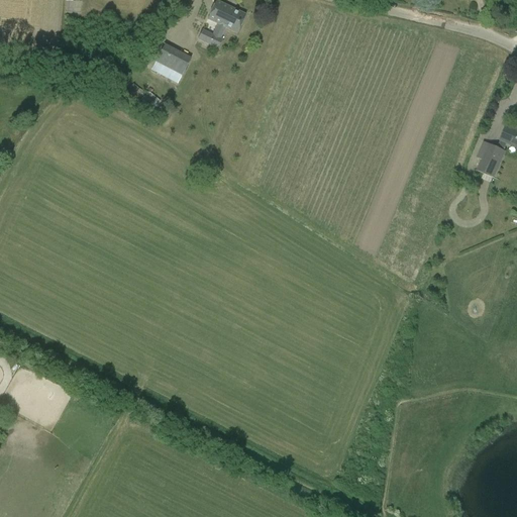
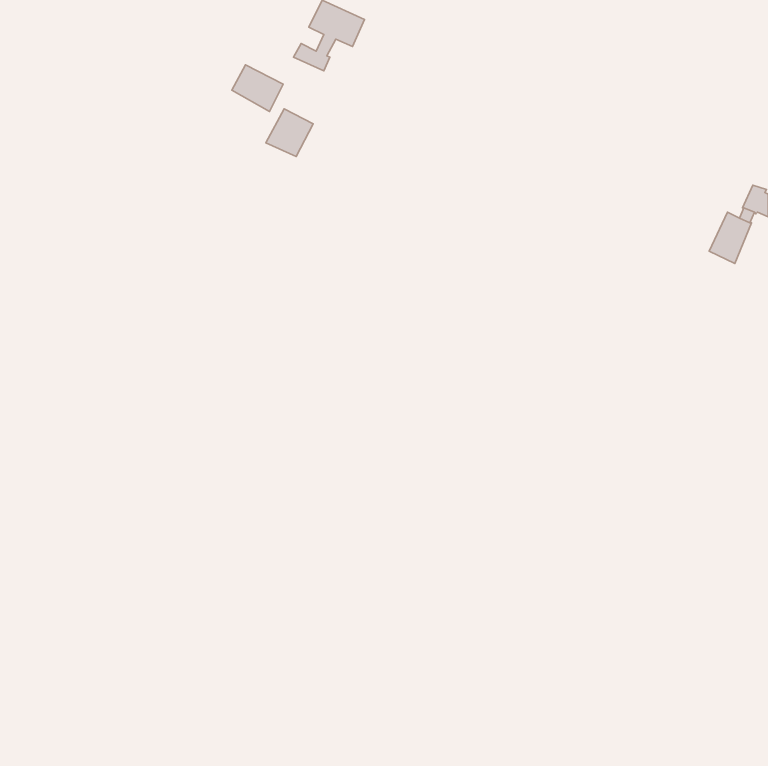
building: none -> [266,109,313,157]

